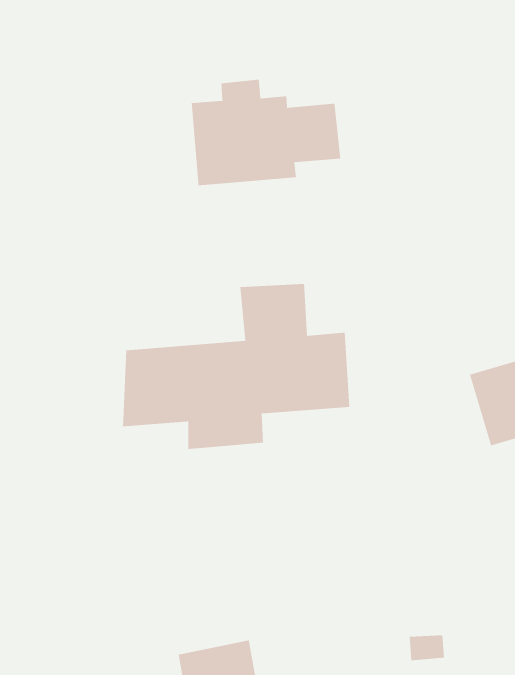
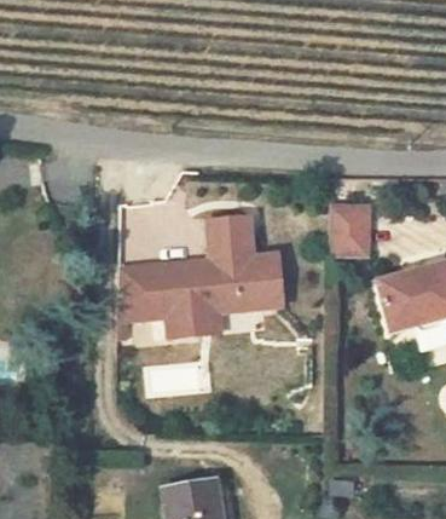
building: [191,79,341,186] -> none
building: none -> [331,201,369,253]

